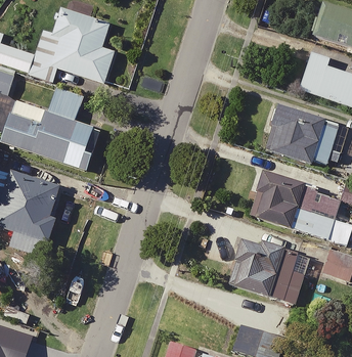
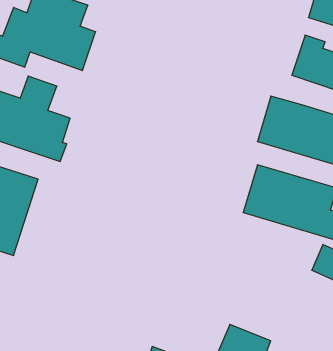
building: [228,238,308,304] -> none

